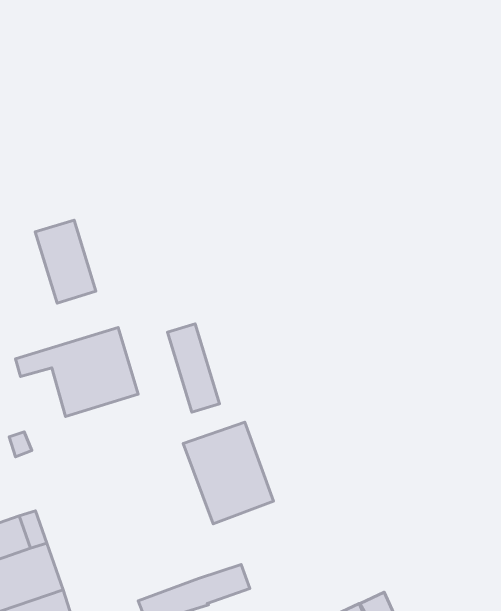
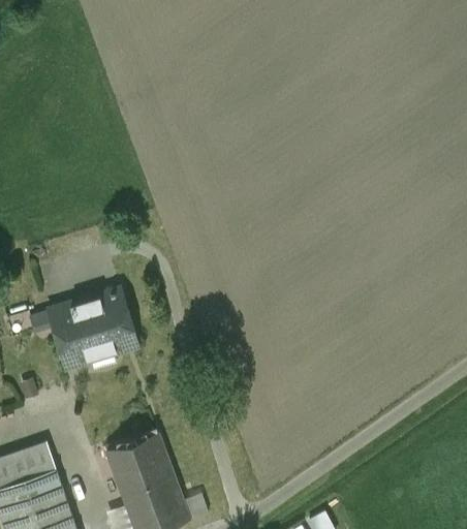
building: [35,220,96,303] -> none
building: [168,324,219,412] -> none
building: [183,422,274,524] -> [106,434,181,518]

